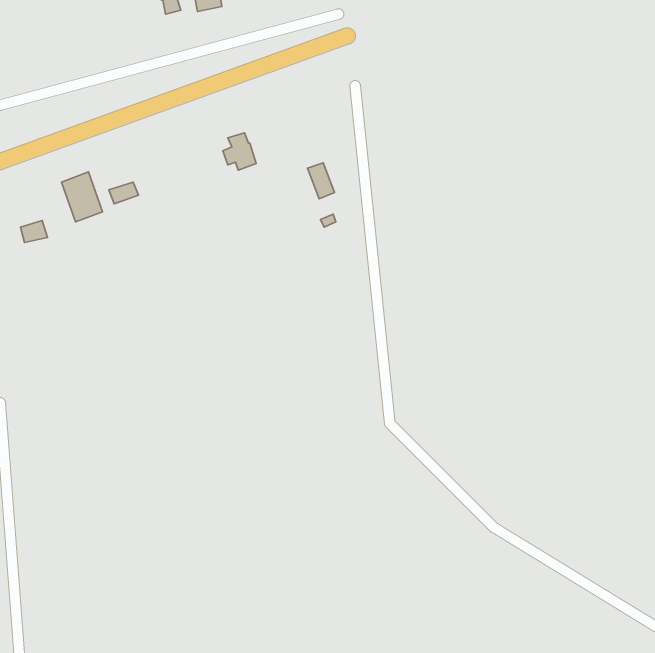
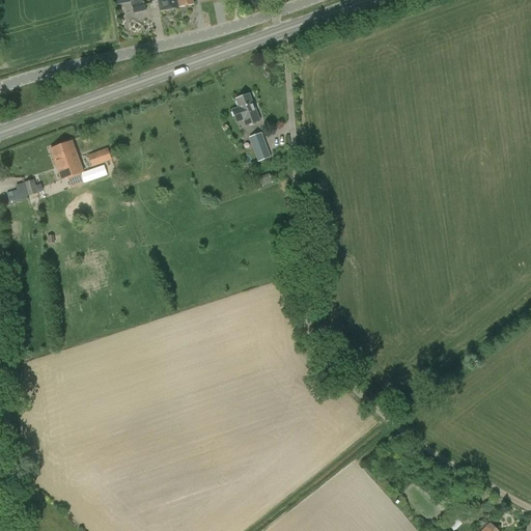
building: [223,133,256,170] -> [231,93,258,123]

